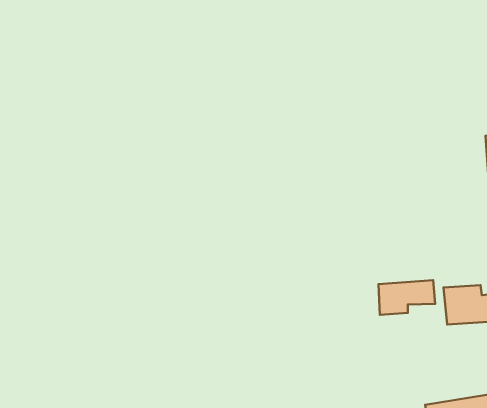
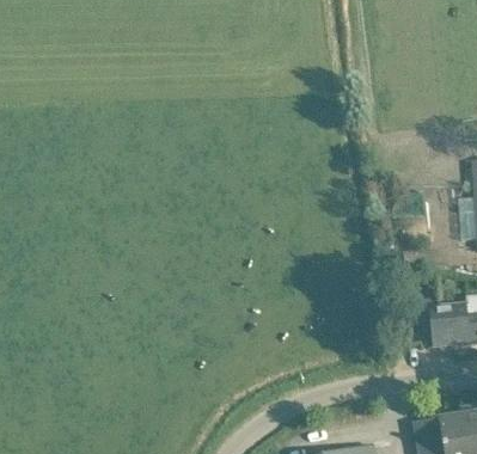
building: [378,280,435,315] -> none

